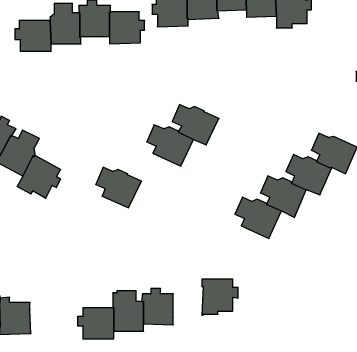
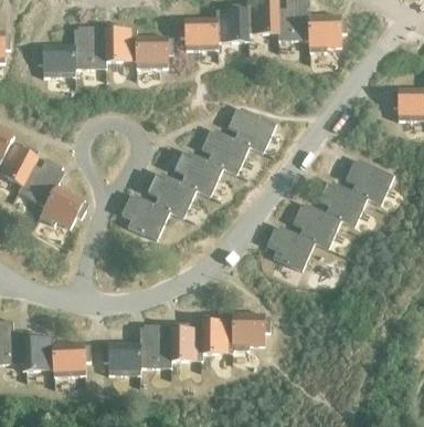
building: none -> [227,110,275,152]
building: none -> [148,175,197,218]
building: none -> [201,315,233,353]
building: none -> [53,343,91,376]

